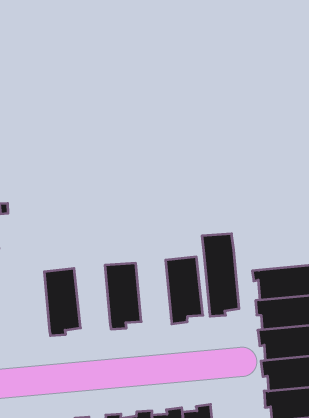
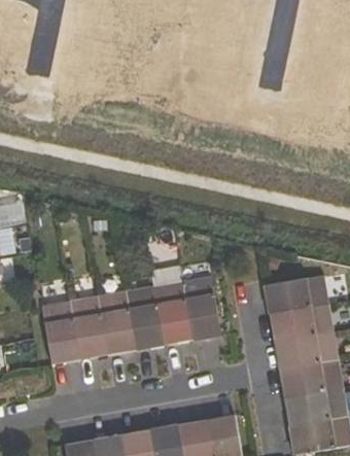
building: [202,234,239,316] -> [150,267,190,346]
building: none -> [96,291,134,356]
building: none -> [40,302,77,366]

